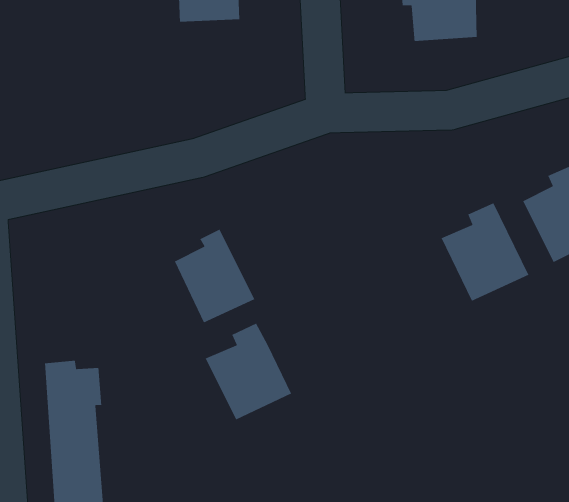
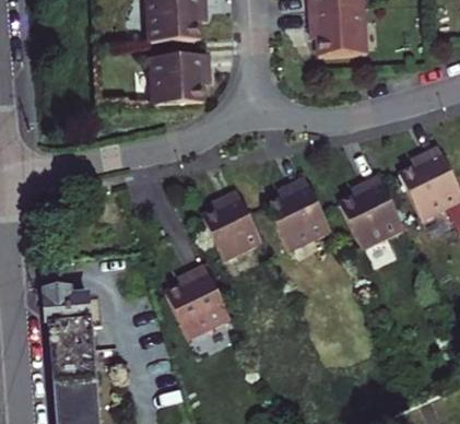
building: none -> [149,51,202,103]
building: none -> [267,176,332,249]
building: [174,228,255,323] -> [202,187,262,257]

